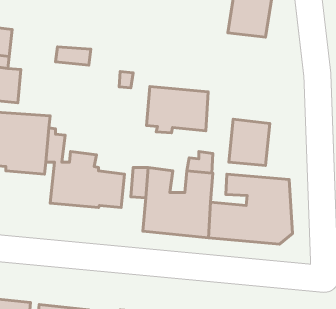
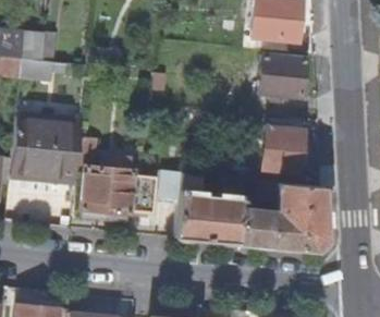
building: [147,87,208,133] -> [244,51,306,98]

